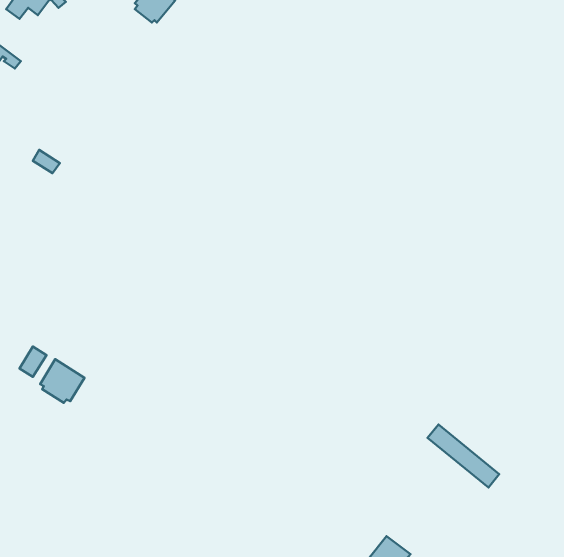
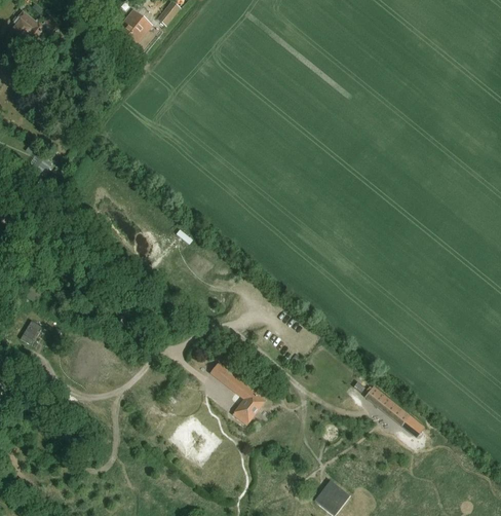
building: [40,359,84,403] -> none
building: none -> [210,362,267,425]

